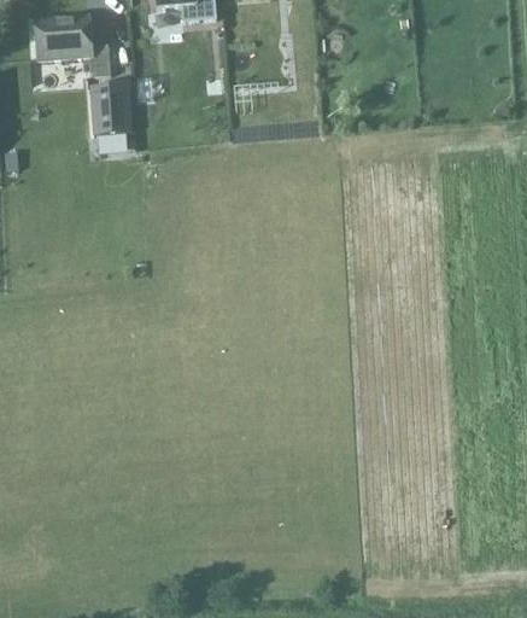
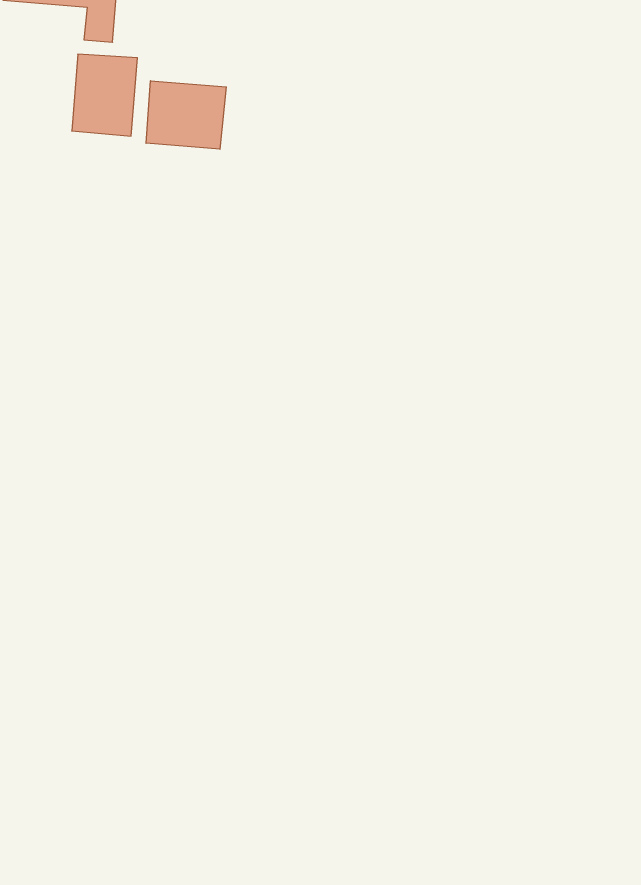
building: none -> [146,81,226,149]

